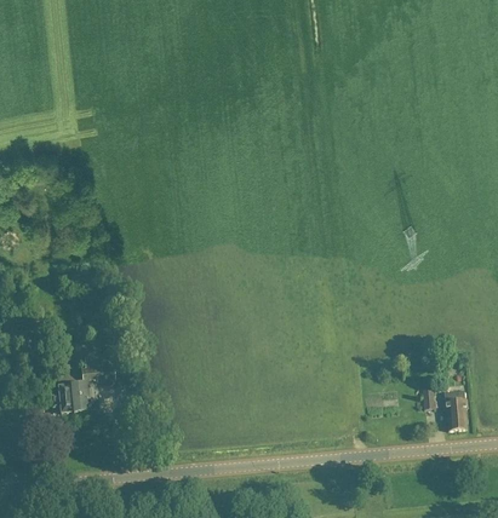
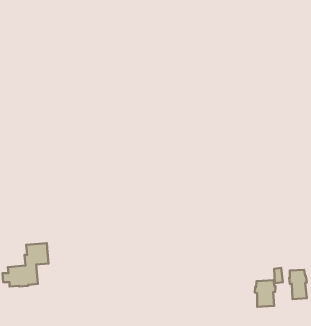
building: none -> [255,280,276,307]

